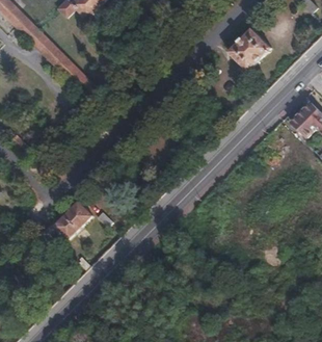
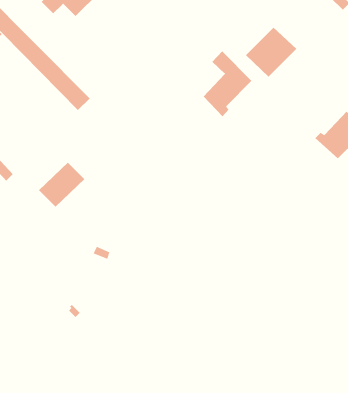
building: none -> [203,51,252,117]
building: [53,202,92,240] -> [38,162,85,208]

